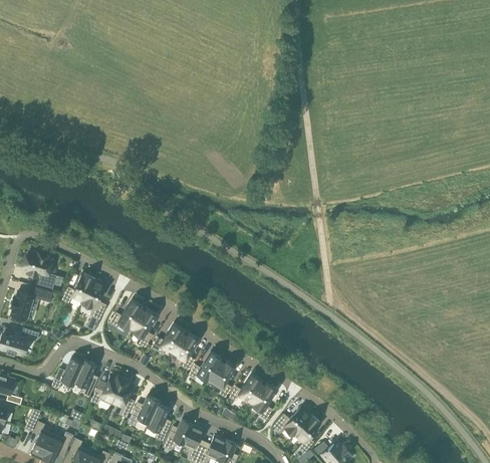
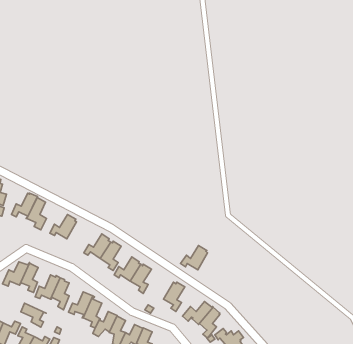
building: [131,308,157,346] -> none
building: [229,374,262,404] -> [181,246,208,270]
building: none -> [21,303,46,327]

